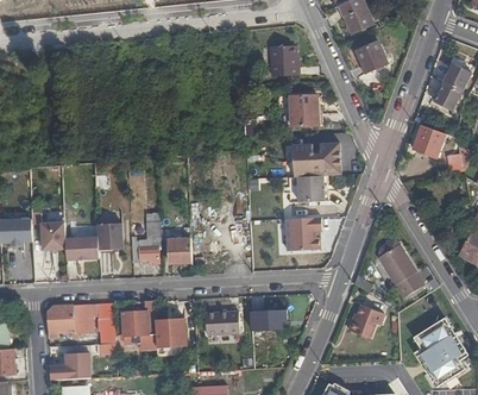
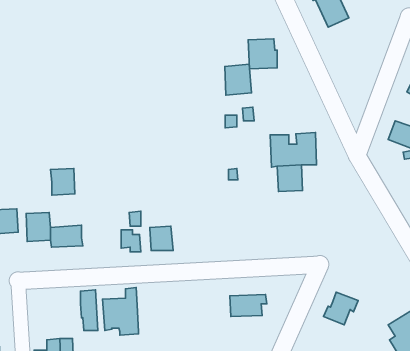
building: [357,40,388,70] -> none
building: [291,93,319,125] -> [225,64,251,95]
building: [287,215,322,250] -> none
building: [98,221,122,249] -> [51,168,75,195]
building: [378,246,423,299] -> none
building: [46,303,98,338] -> none
building: [207,311,240,333] -> none
building: [156,316,187,345] -> none

